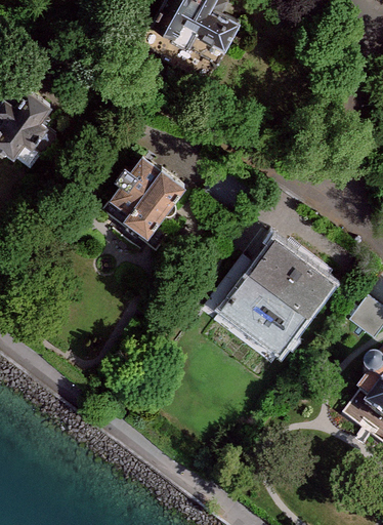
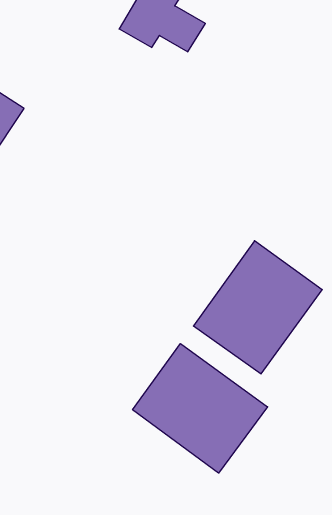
building: [98,152,186,245] -> none
building: none -> [133,344,268,473]

